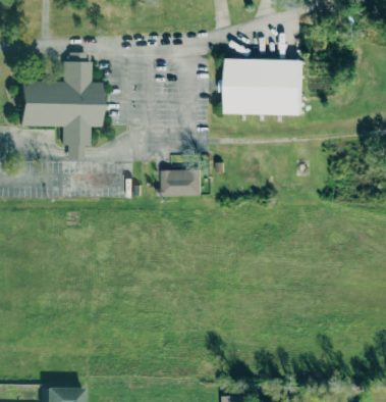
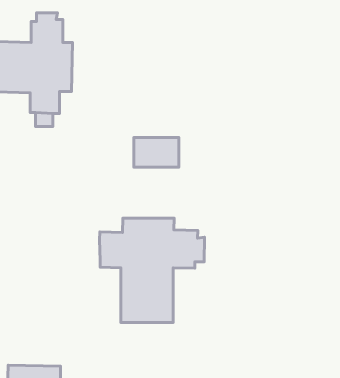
building: [227,59,301,114] -> none
building: none -> [100,218,205,323]

